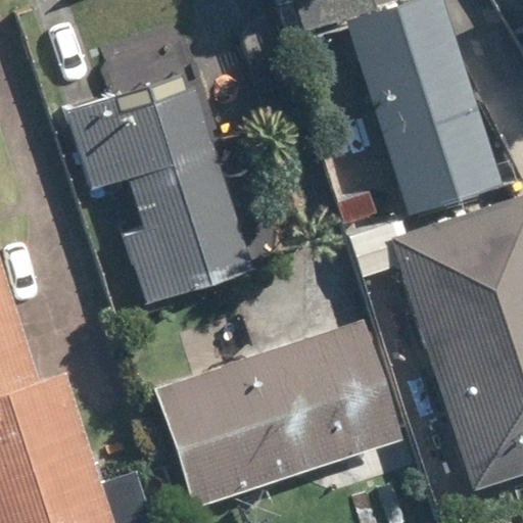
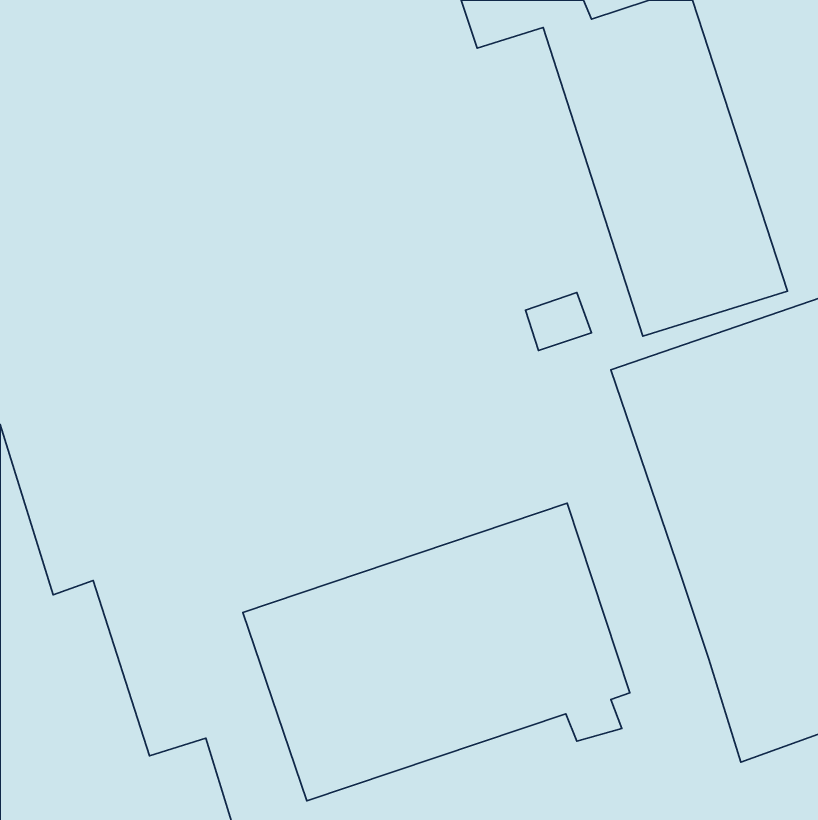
building: [64,87,246,297] -> none

